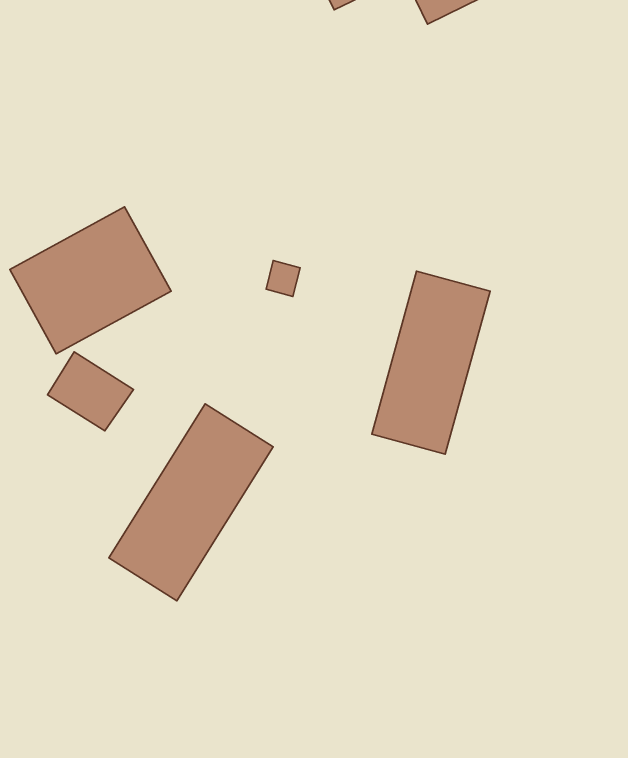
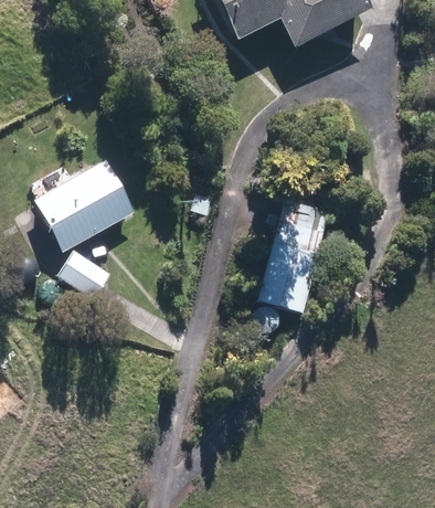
building: [109,404,273,601] -> none

